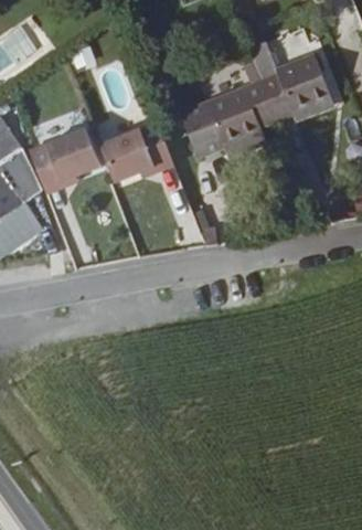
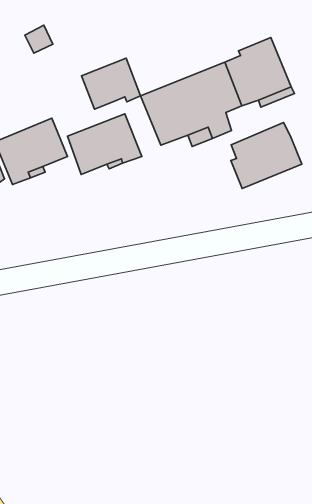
building: none -> [81,58,141,109]
building: none -> [231,123,302,189]

